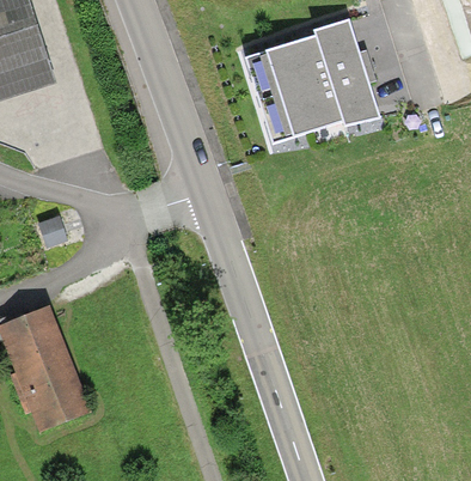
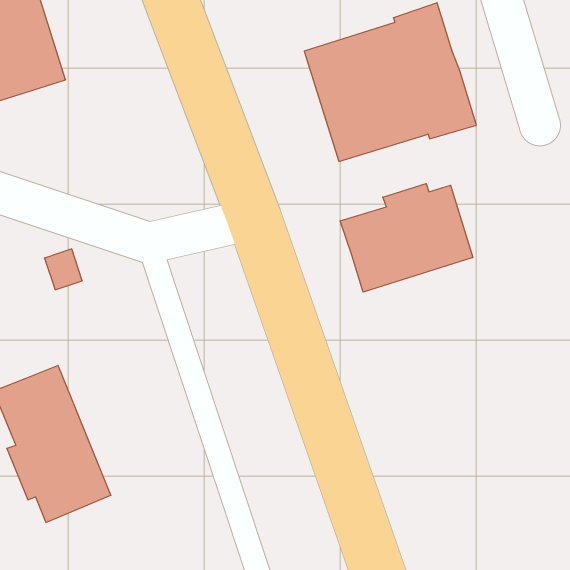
building: none -> [340,184,473,292]

